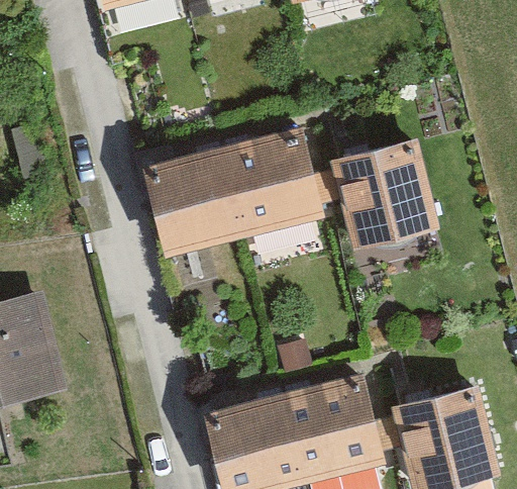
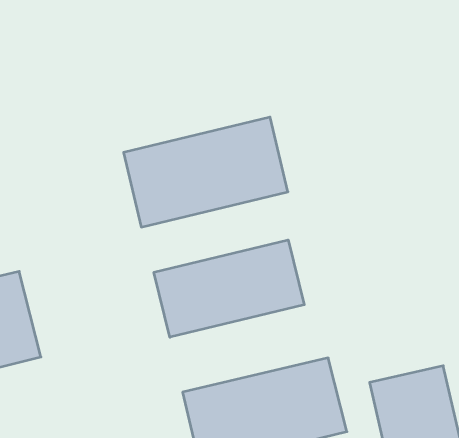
building: [334,143,429,246] -> none
building: none -> [154,240,304,337]

